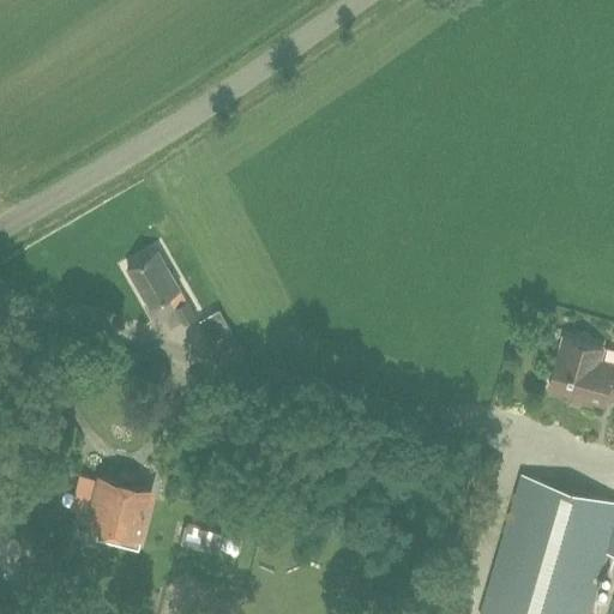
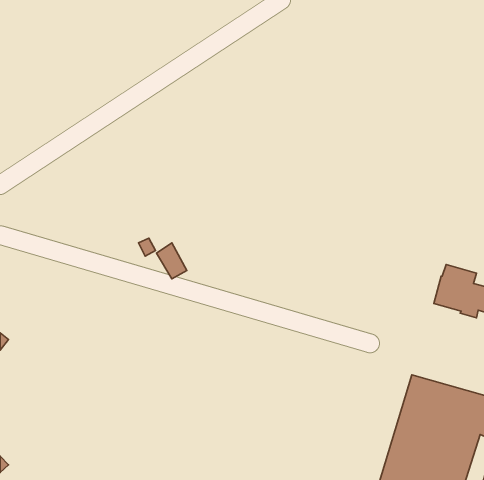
building: [127,254,180,309] -> none
building: [92,474,154,544] -> none

